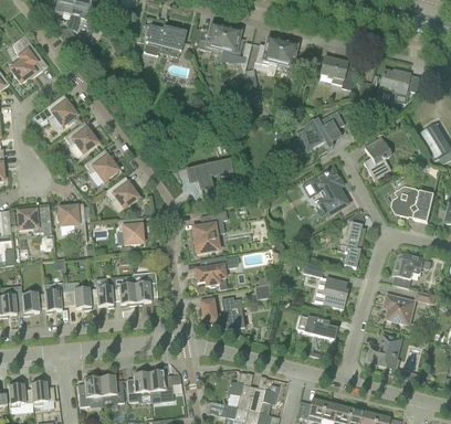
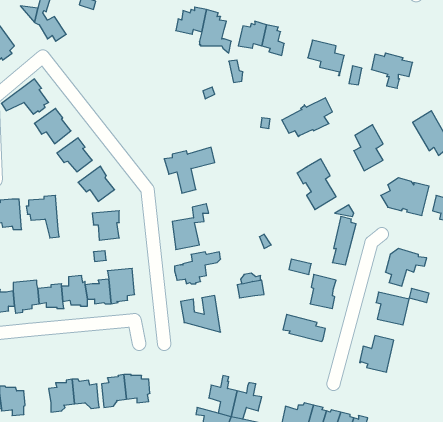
building: [144,26,185,55] -> none

